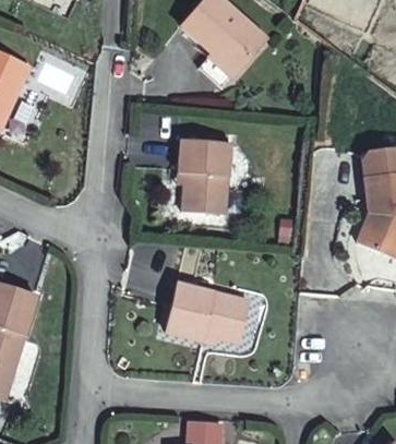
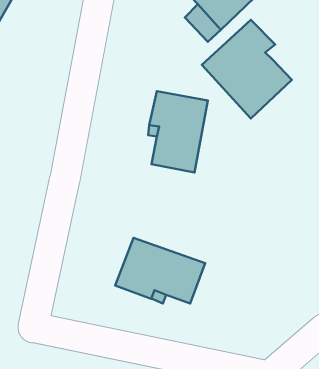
building: none -> [202,20,292,118]

